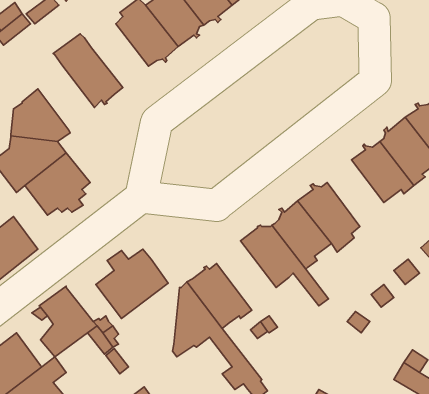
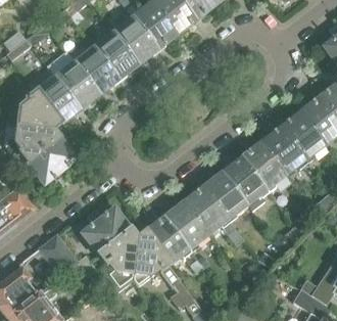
building: none -> [69,44,115,90]
building: none -> [29,66,77,121]
building: none -> [244,142,285,190]
building: none -> [164,200,207,250]
building: none -> [96,231,138,290]

